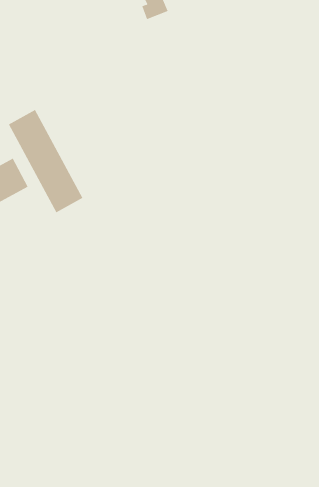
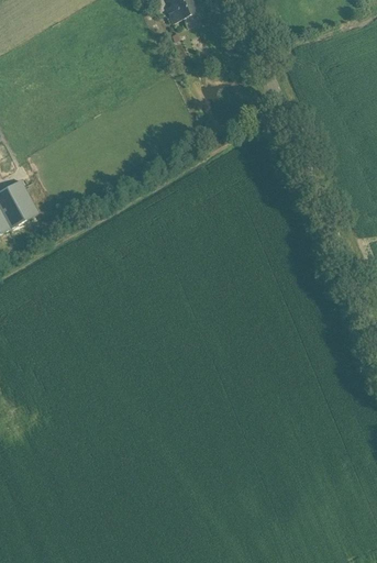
building: [8,109,83,213] -> none

